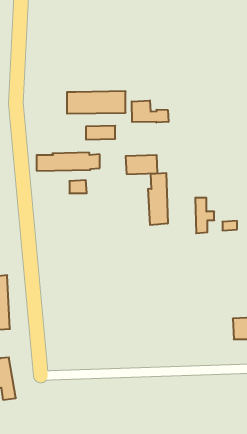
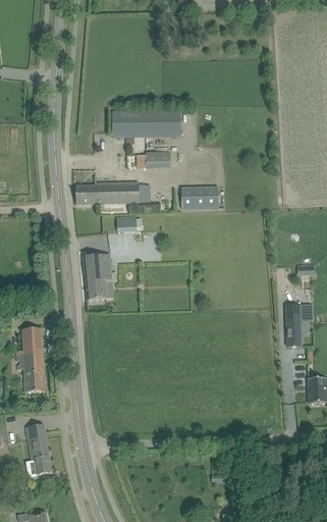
building: [132,100,168,123] -> none
building: [148,173,168,225] -> none
building: [195,198,214,233] -> [286,305,309,347]
building: none -> [84,254,117,300]

